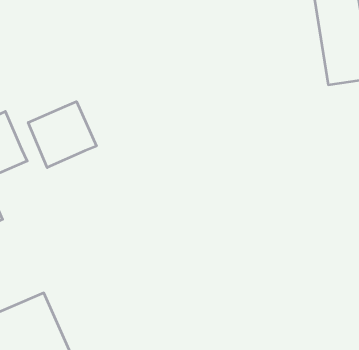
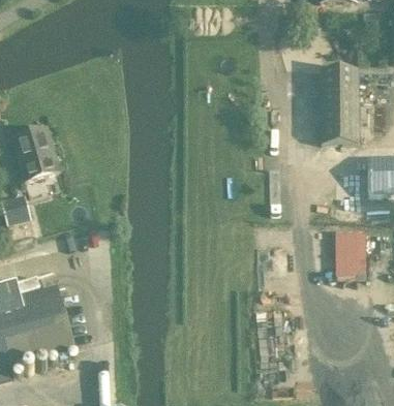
building: [28,102,96,168] -> none

